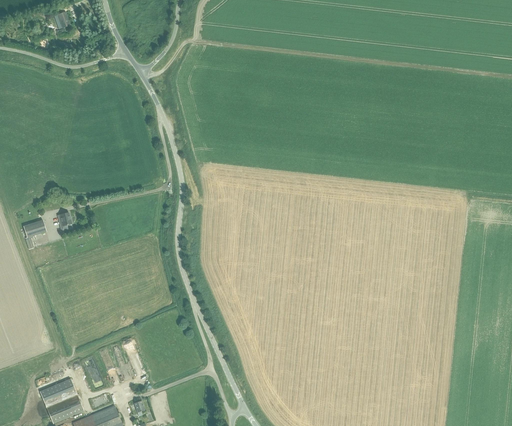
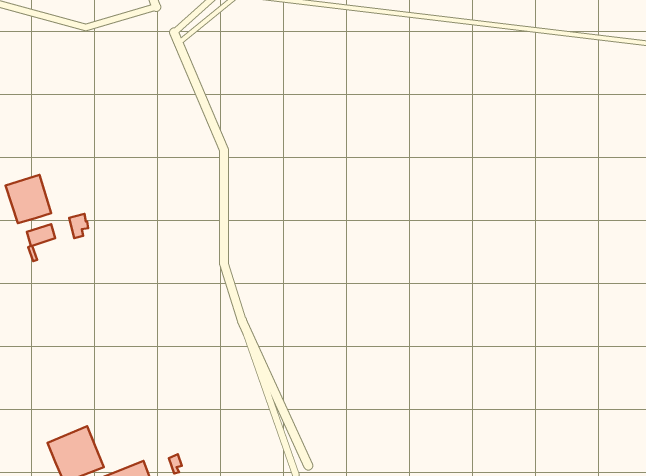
building: none -> [6,175,51,223]

